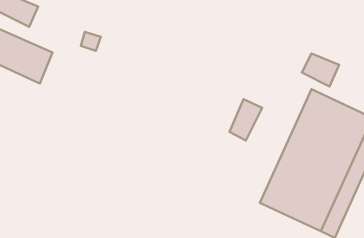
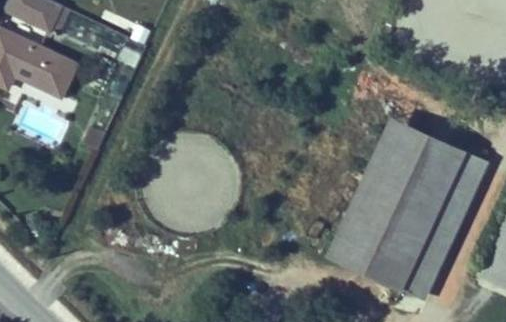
building: [302,53,339,87] -> none
building: [229,99,262,140] -> none

